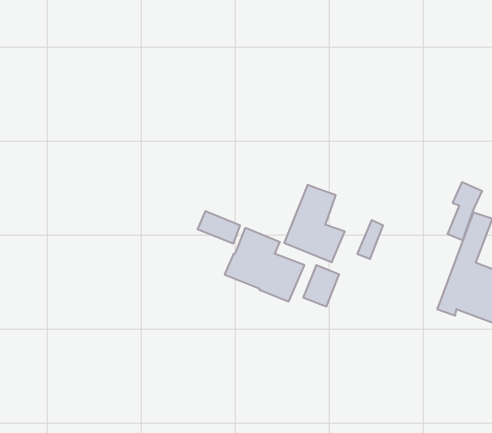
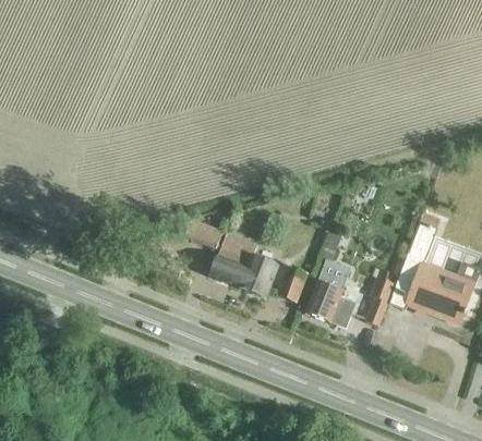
building: [447,182,482,240] -> [366,275,396,324]
building: [284,185,345,262] -> [305,261,357,327]

